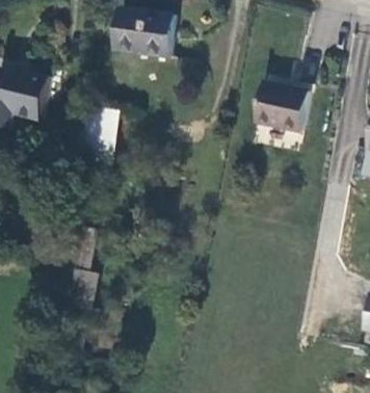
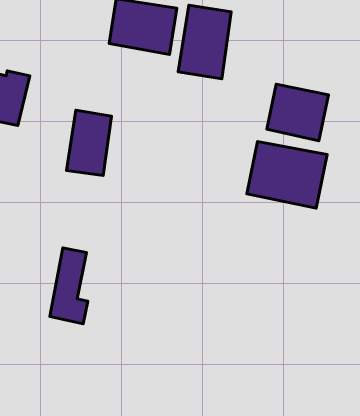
building: none -> [178,5,231,79]
building: none -> [247,142,327,208]

